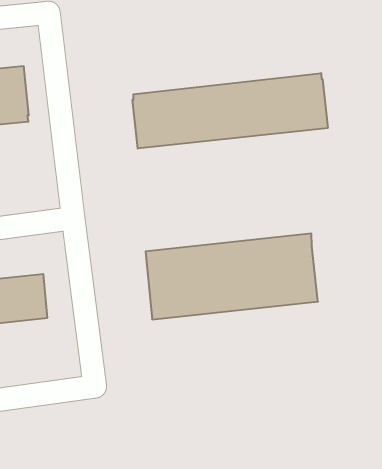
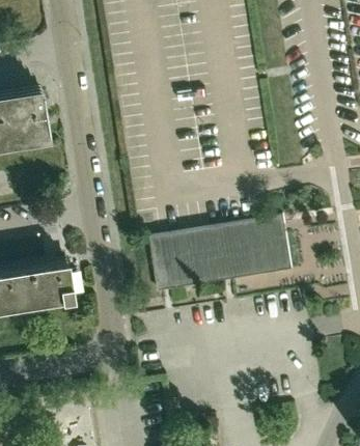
building: [133,73,328,149] -> none

